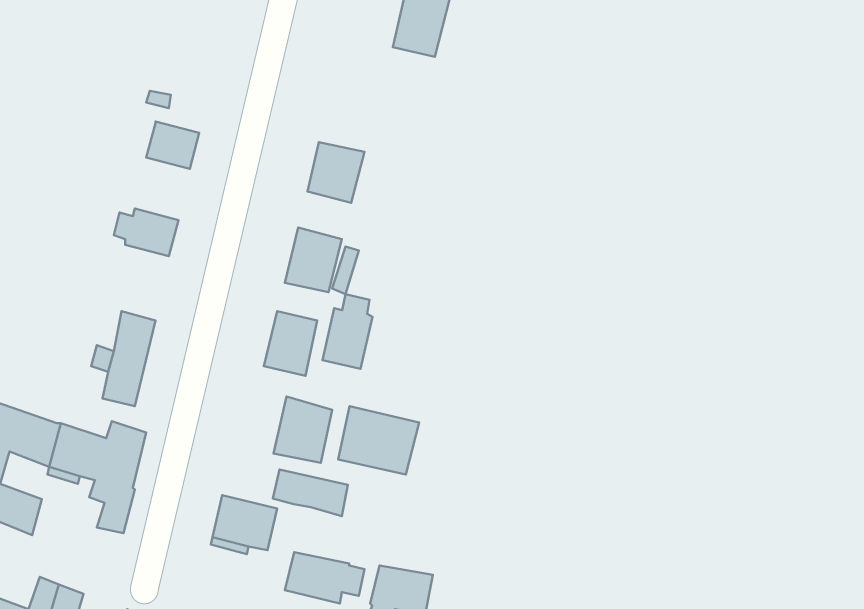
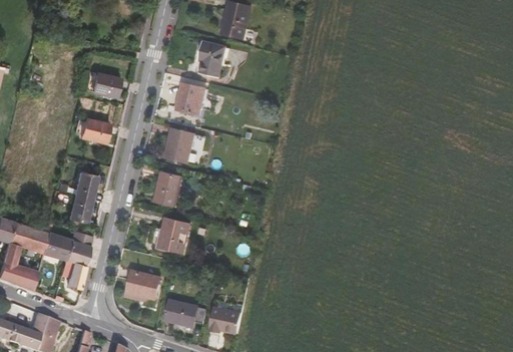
building: none -> [199,41,226,77]
building: [322,294,372,369] -> none
building: [338,406,419,475] -> none
building: [273,470,348,516] -> none

